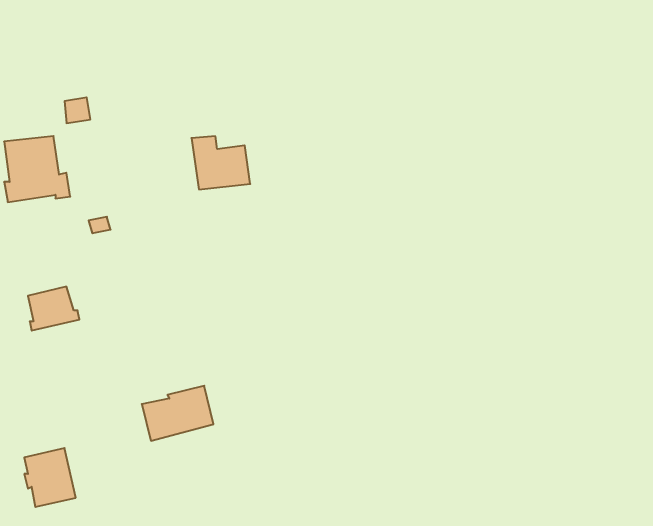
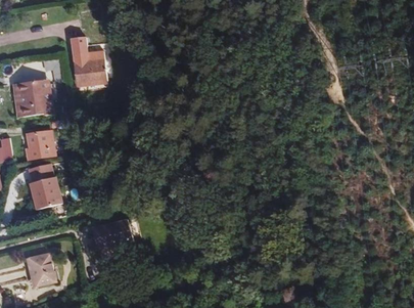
building: [191,136,250,189] -> [73,53,105,83]
building: none -> [26,131,55,160]
building: none -> [31,182,62,209]

